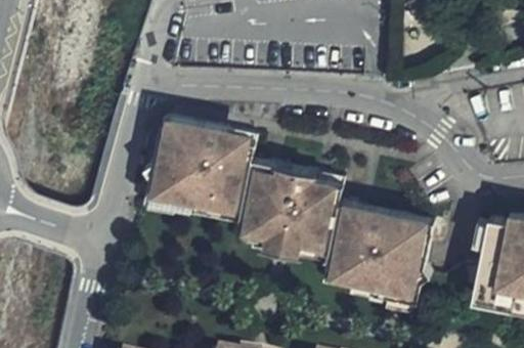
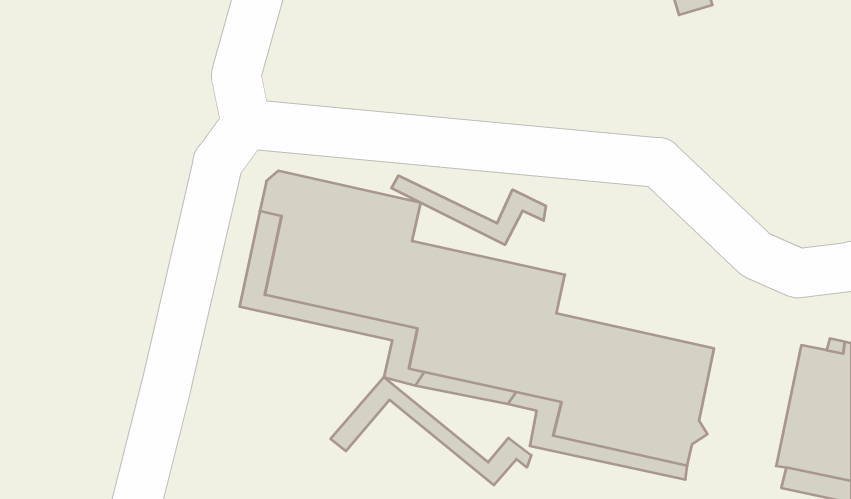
building: none -> [391,176,546,245]
building: none -> [331,377,531,485]

